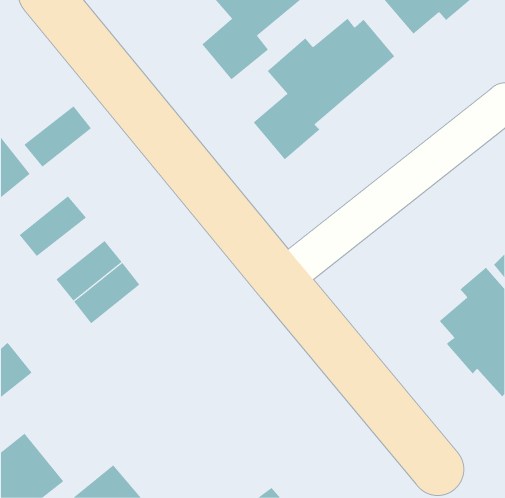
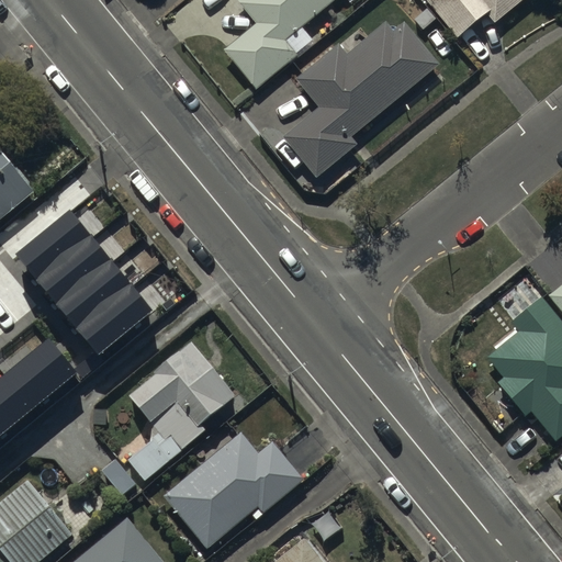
building: [24,105,92,168] -> [41,241,116,311]
building: none -> [126,337,233,474]
building: none -> [9,345,80,414]
building: none -> [165,431,303,547]

